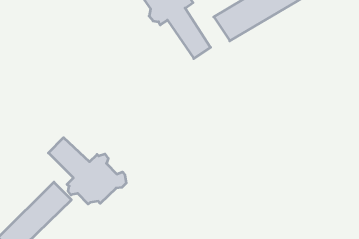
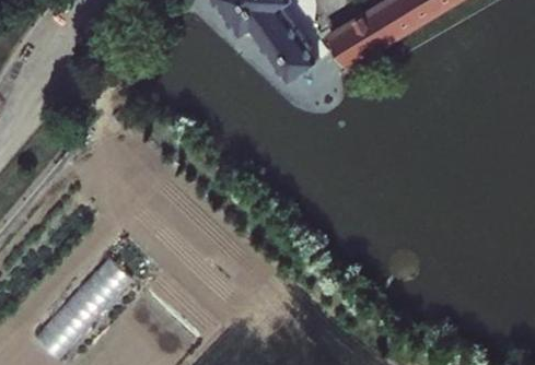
building: [48,138,126,204] -> none

